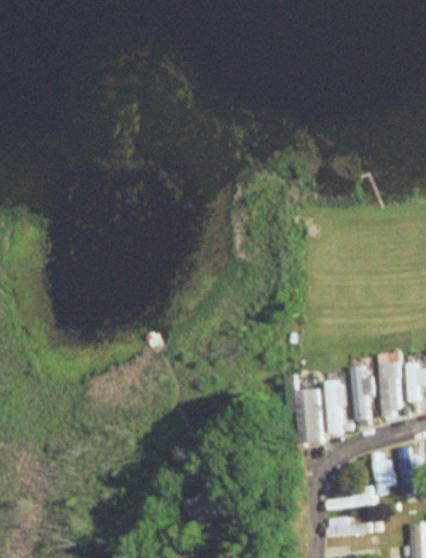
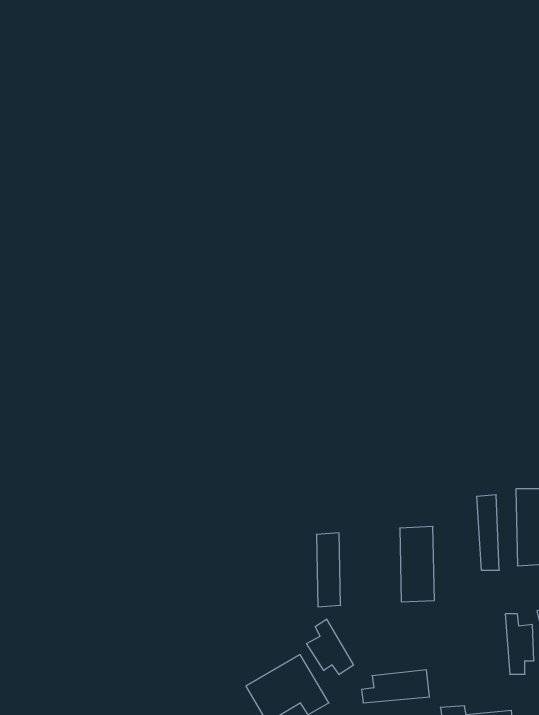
building: [327,380,344,434] -> [316,533,341,607]
building: none -> [307,619,353,675]
building: [325,486,374,510] -> [362,670,429,703]

